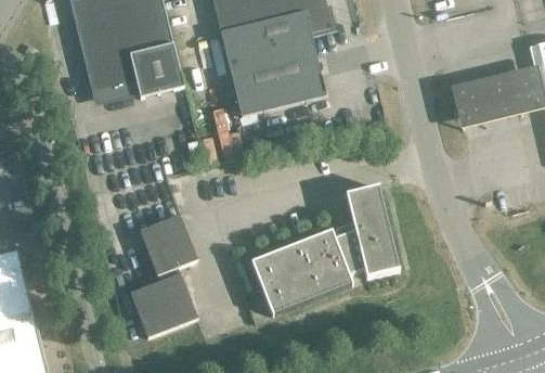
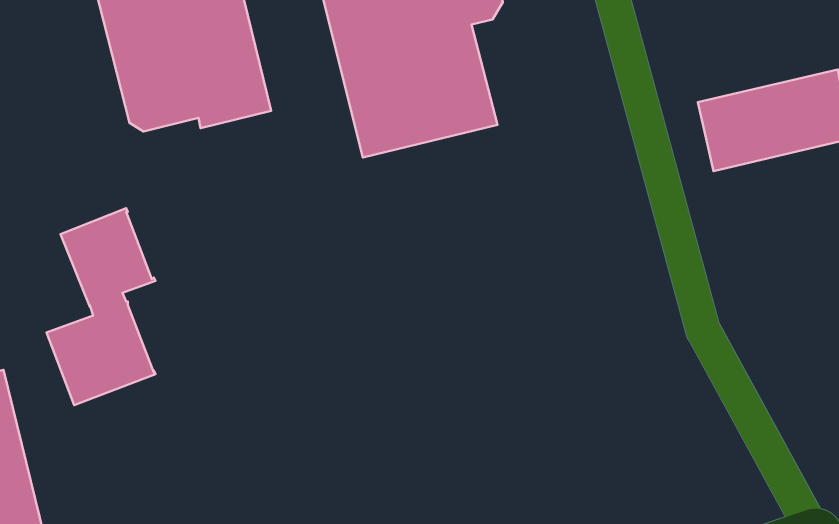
building: [251,185,400,316] -> none
building: [130,214,198,337] -> [47,208,155,405]

